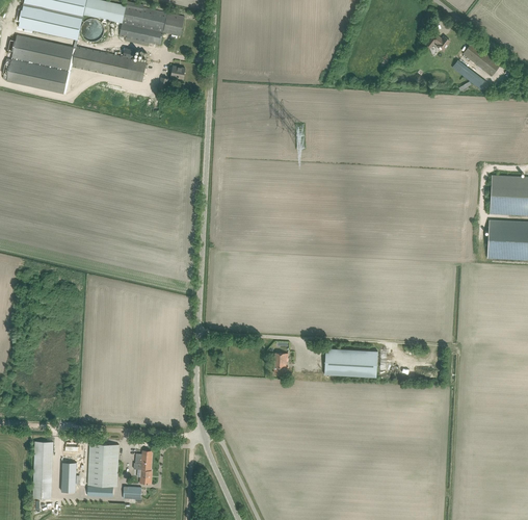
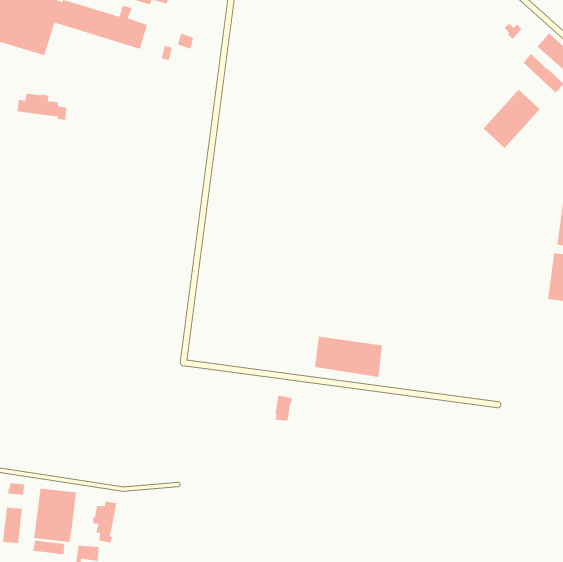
building: none -> [483,89,540,149]
building: none -> [17,93,67,120]
building: [323,347,377,378] -> [314,336,383,378]

